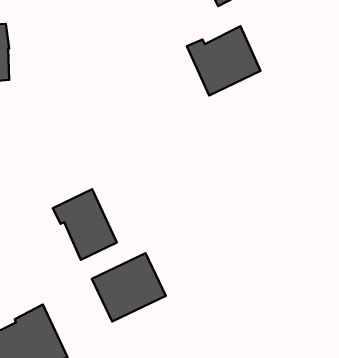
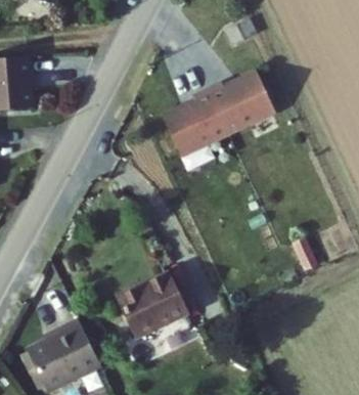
building: none -> [159,82,224,148]
building: [53,189,117,260] -> none

